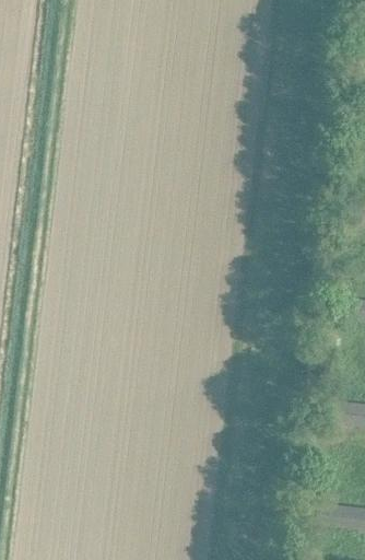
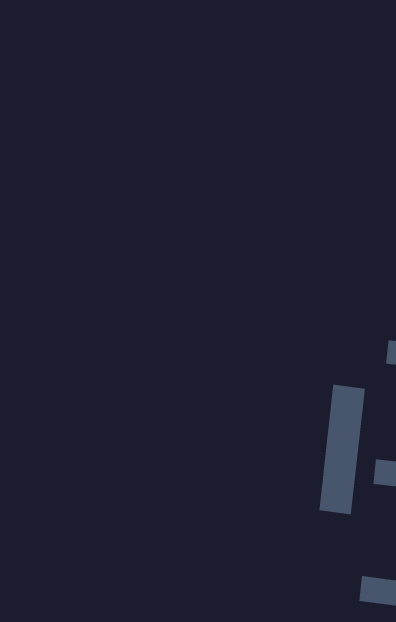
building: none -> [319,384,365,515]

